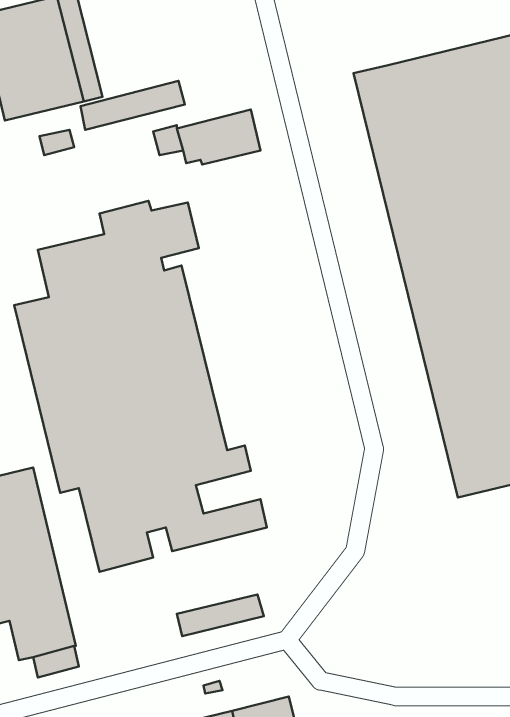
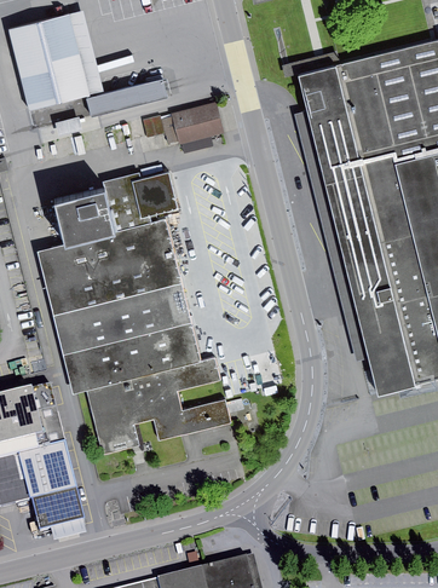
building: [177,595,264,636] -> none

